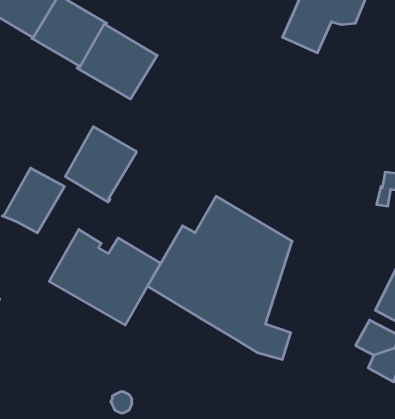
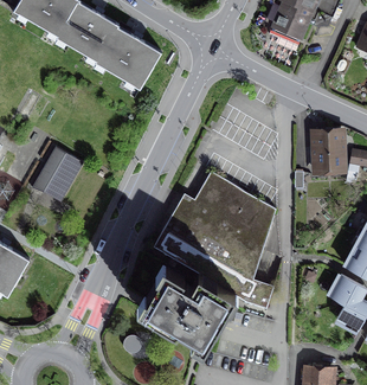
building: [65,127,136,202] -> none
building: none -> [315,131,340,171]
building: [49,229,160,325] -> [140,267,233,347]

